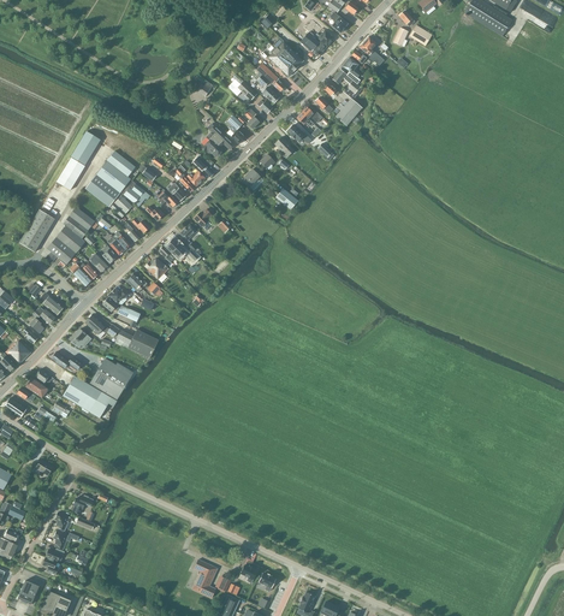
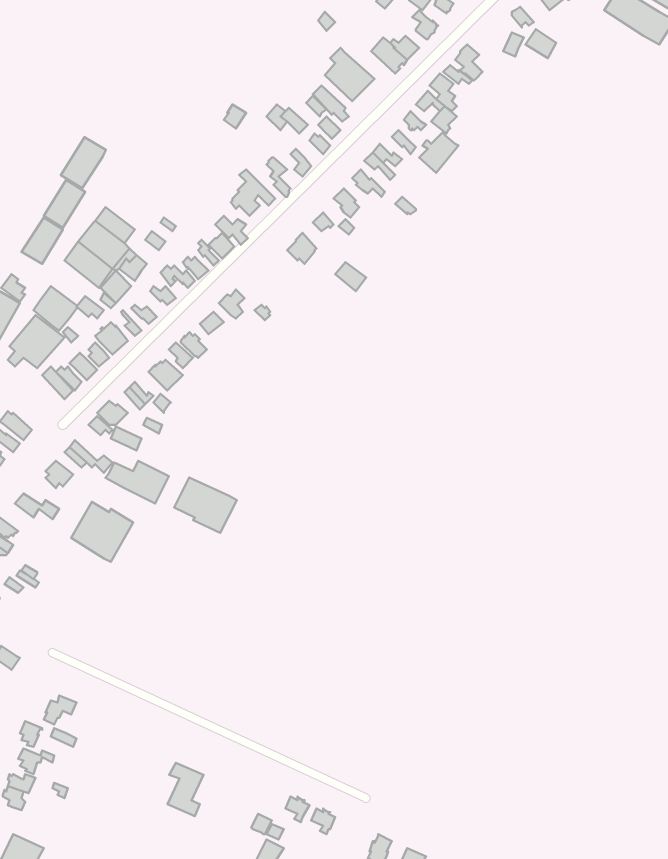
building: none -> [61,137,106,188]
building: none -> [174,477,237,533]
building: [63,375,111,417] -> none
building: [192,559,218,597] -> [167,763,203,816]

